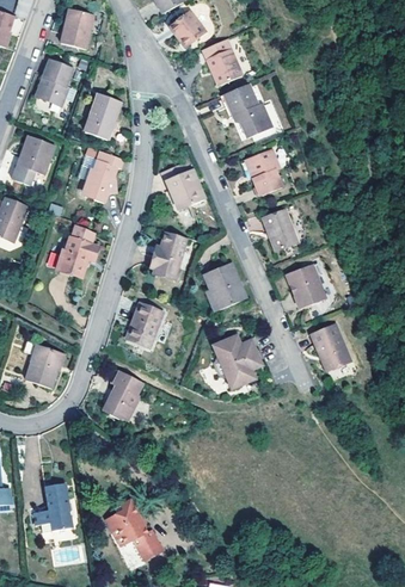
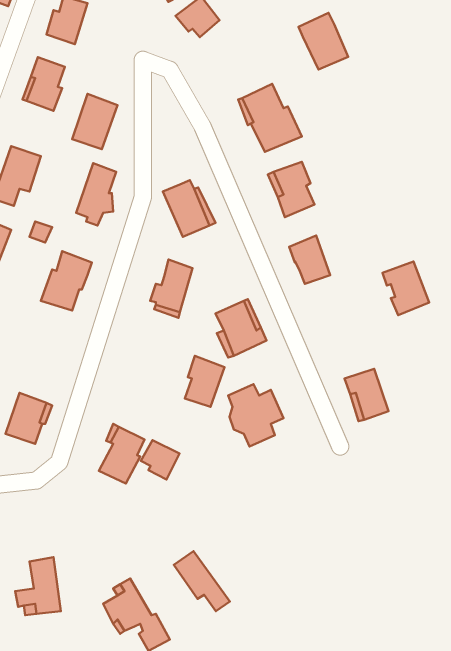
building: [202,38,244,86] -> [299,13,348,69]
building: [287,265,326,310] -> [382,261,429,315]
building: [130,302,164,345] -> [185,356,225,407]
building: none -> [141,440,179,480]
building: none -> [174,551,230,611]

